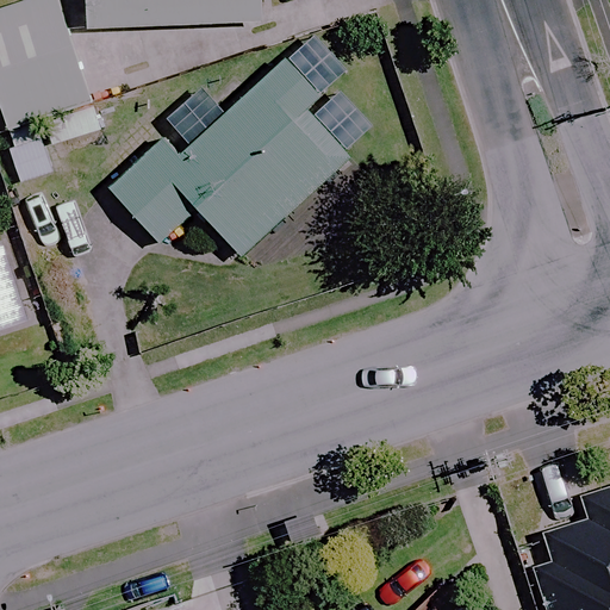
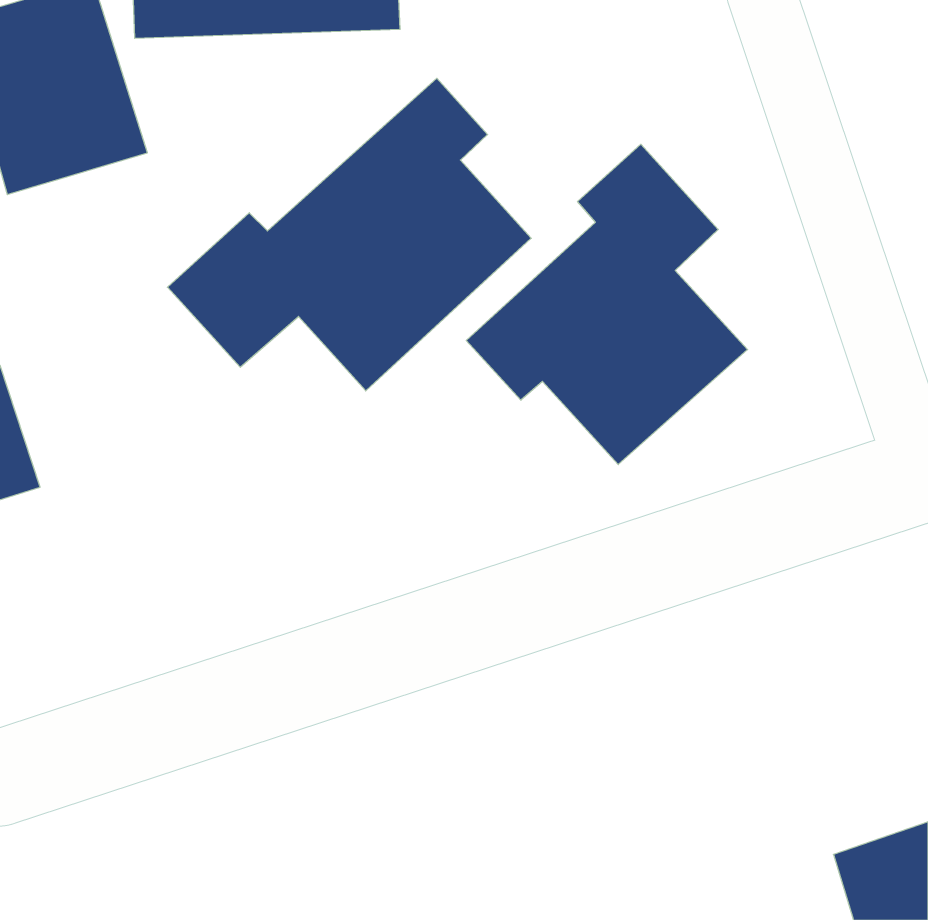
building: none -> [466,144,748,465]

